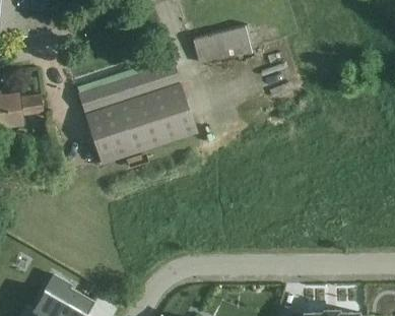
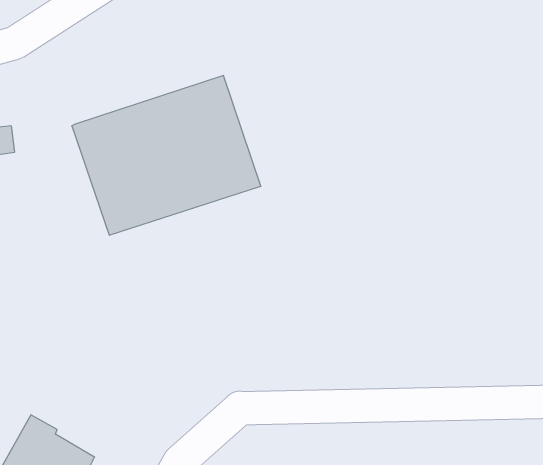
building: [193,25,253,64] -> none

